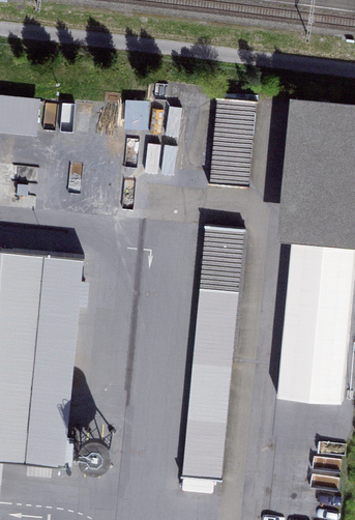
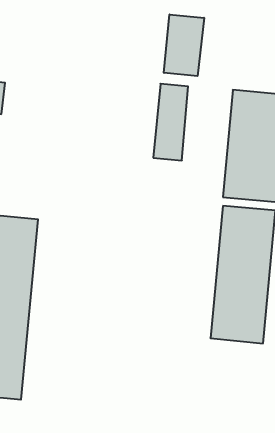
building: none -> [164,14,204,76]
building: [184,227,240,482] -> none

